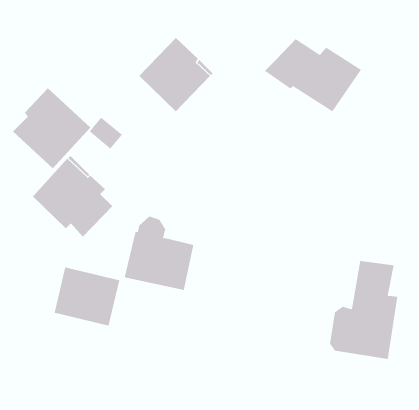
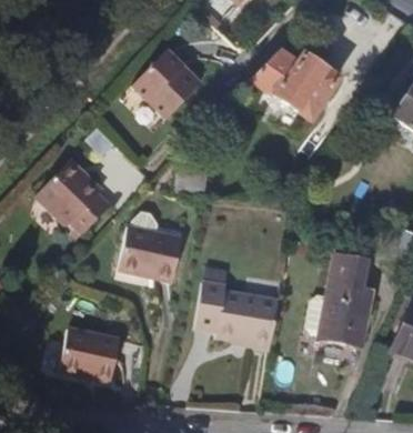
building: [12,88,91,169] -> none
building: [54,267,120,326] -> [59,320,120,374]
building: none -> [195,280,279,346]

